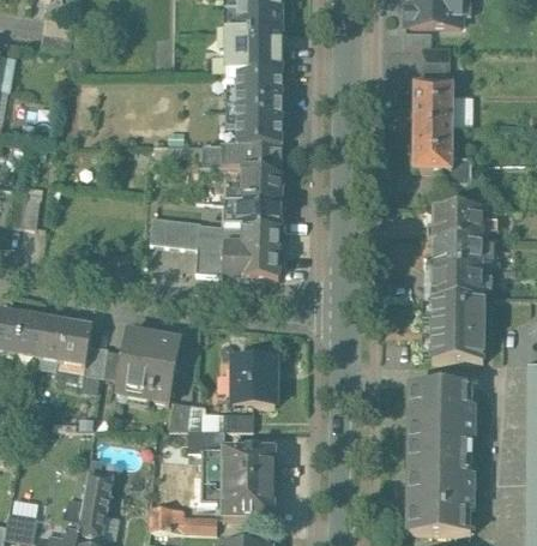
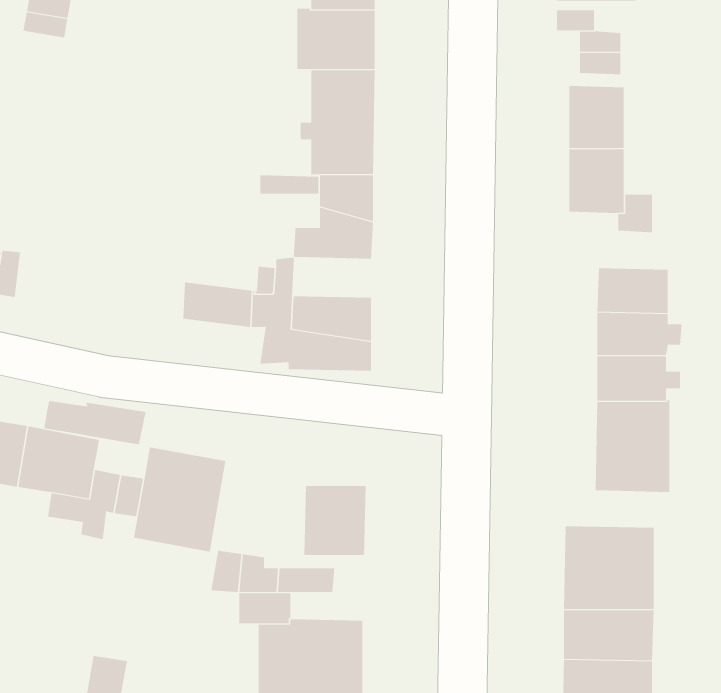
building: [225,199,279,227] -> none
building: none -> [44,400,146,445]

